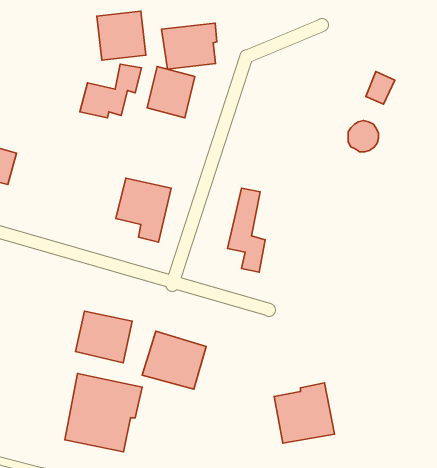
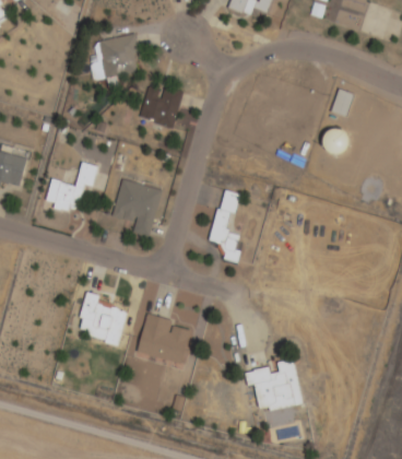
building: [162,23,217,69] -> none
building: [80,64,141,118] -> [45,163,98,210]
building: [65,373,142,452] -> none

